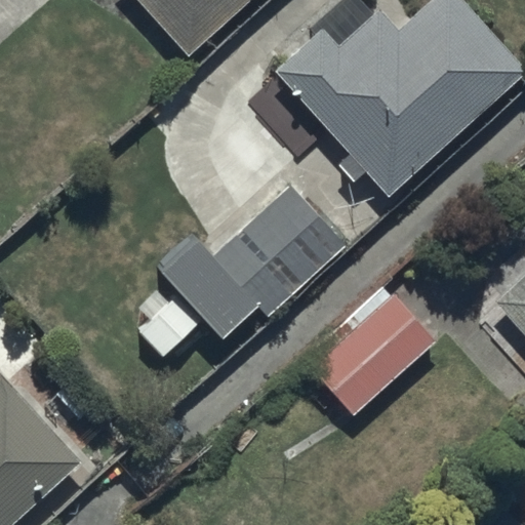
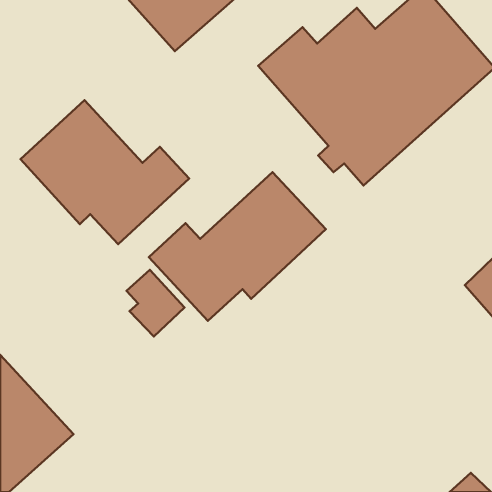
building: none -> [20,100,189,244]
building: [302,284,437,416] -> none

